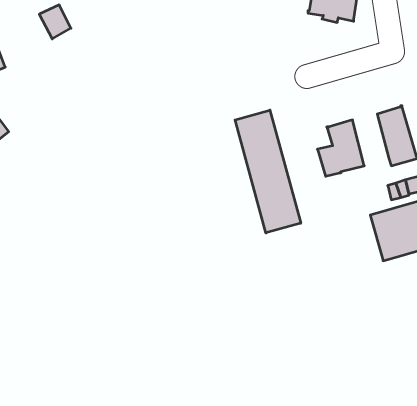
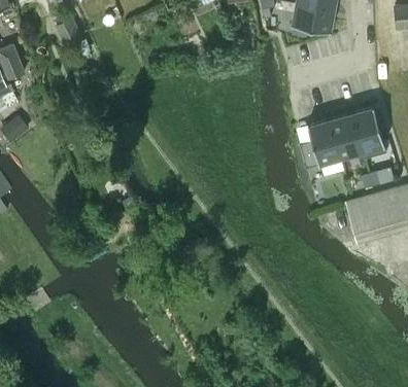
building: [235,110,301,233] -> none
building: none -> [330,114,362,160]

